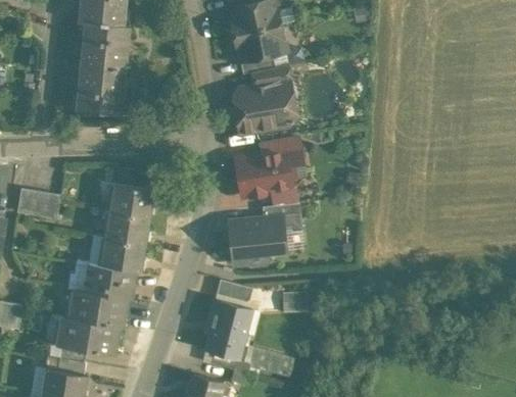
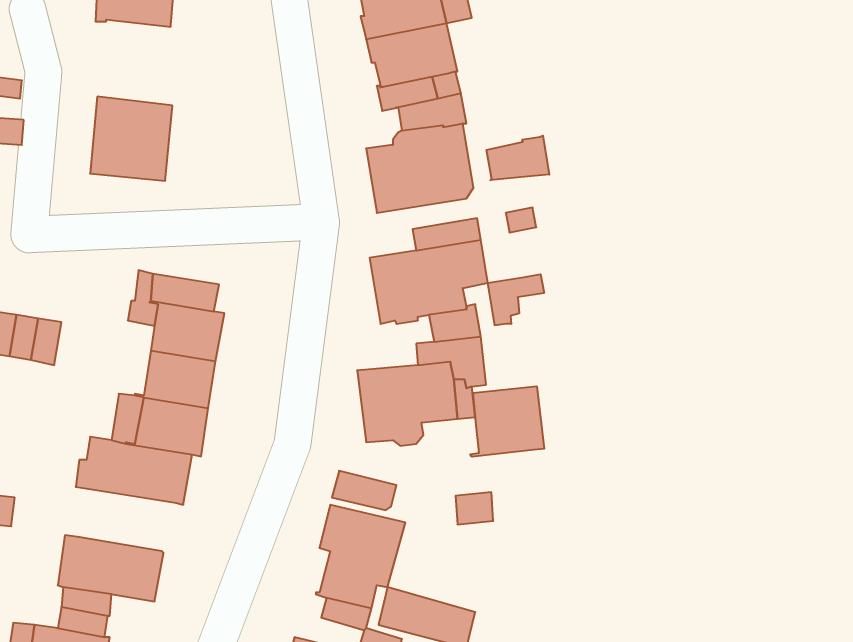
building: [81,21,129,70] -> none
building: none -> [487,136,549,180]
building: none -> [488,274,544,325]
building: none -> [470,386,544,457]
building: [69,289,126,326] -> none

